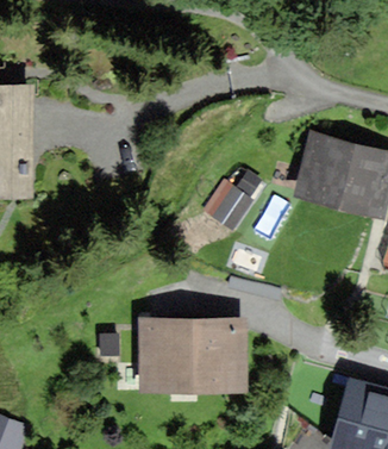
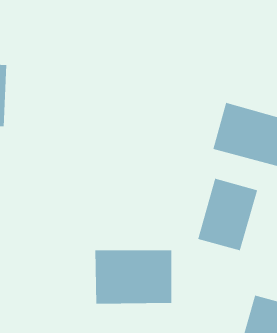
building: none -> [198,178,258,251]

